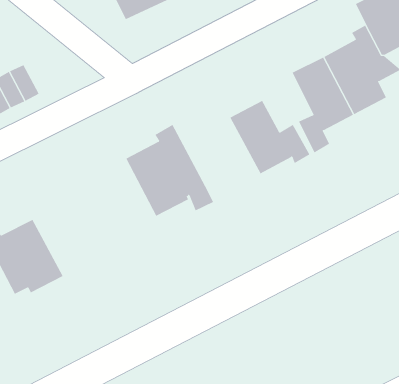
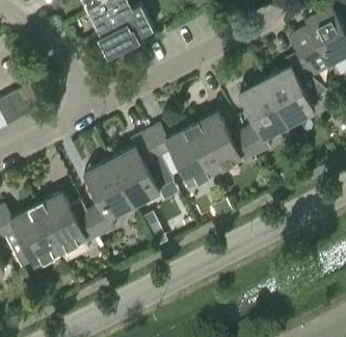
building: none -> [145,125,214,184]
building: none -> [83,158,132,234]
building: none -> [35,192,98,251]

